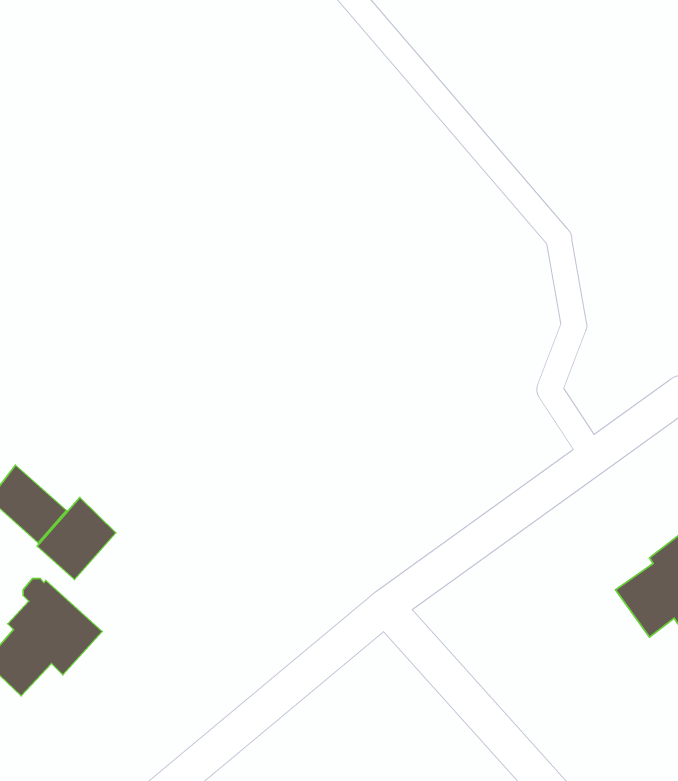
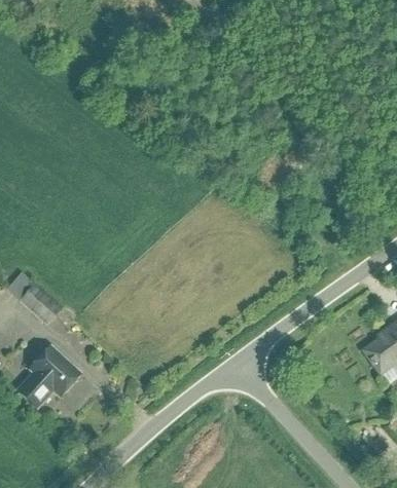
building: [37,497,116,580] -> none

